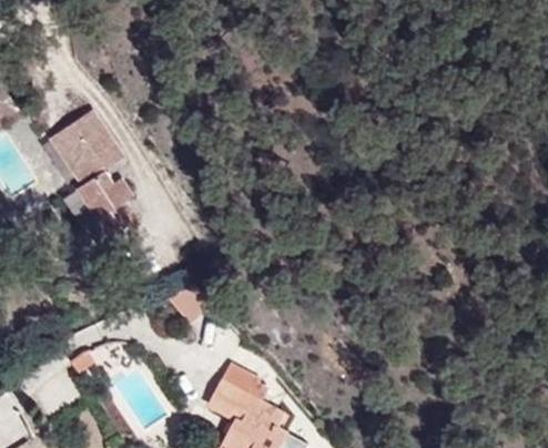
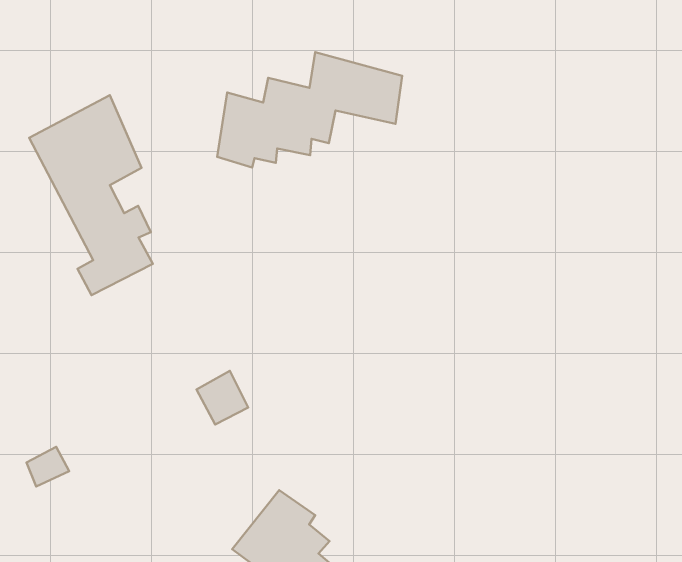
building: none -> [217,52,402,167]

